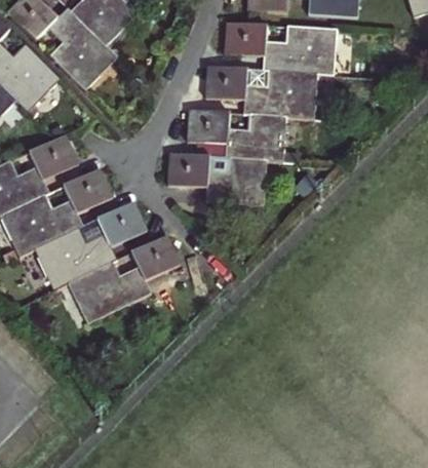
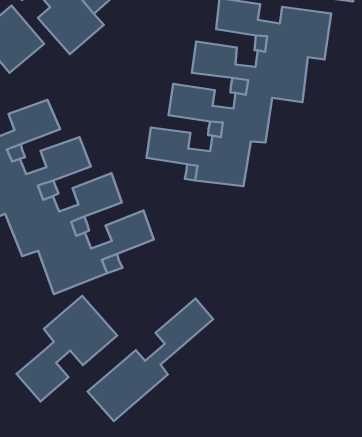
building: none -> [87,299,213,421]
building: none -> [17,296,117,402]

